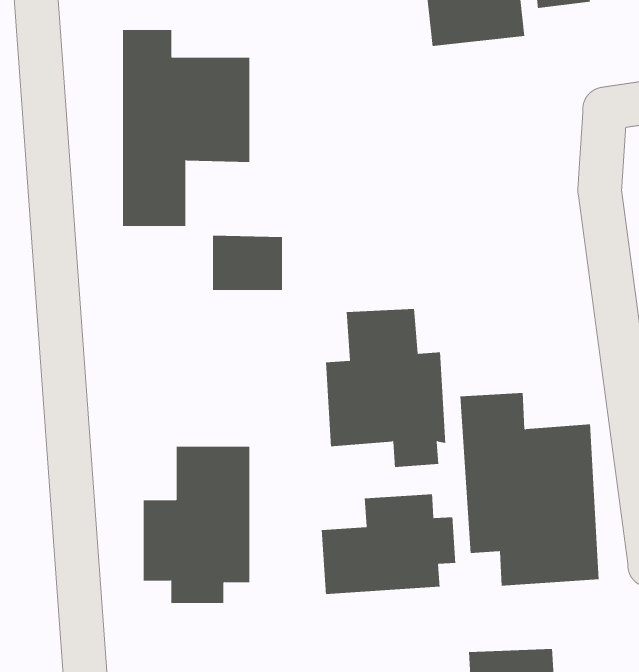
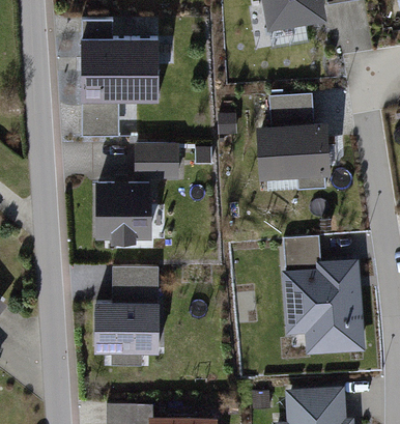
building: none -> [92,179,150,238]
building: [325,309,446,468] -> [256,93,328,189]
building: [321,493,456,595] -> none

